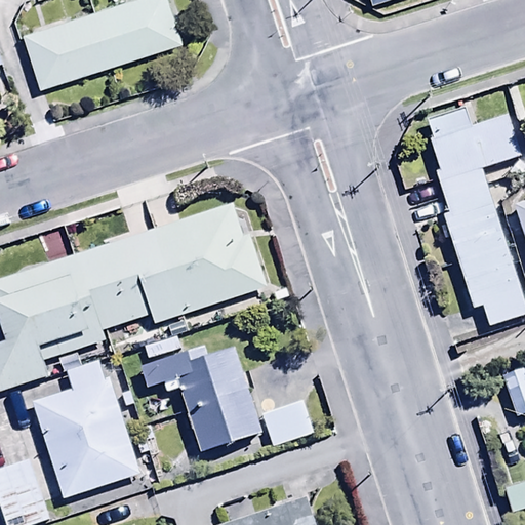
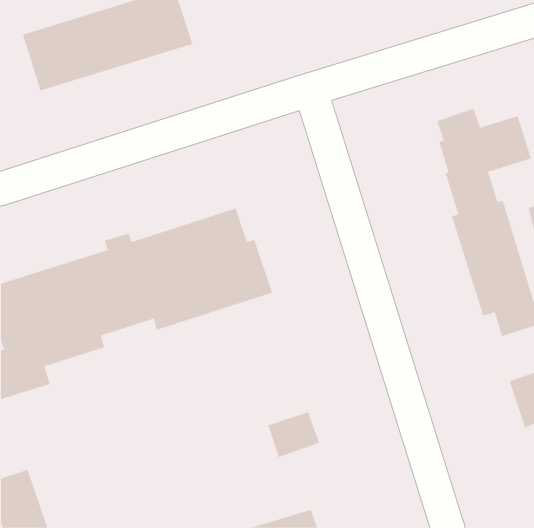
building: [140,334,265,455] -> none
building: [32,360,142,499] -> none

